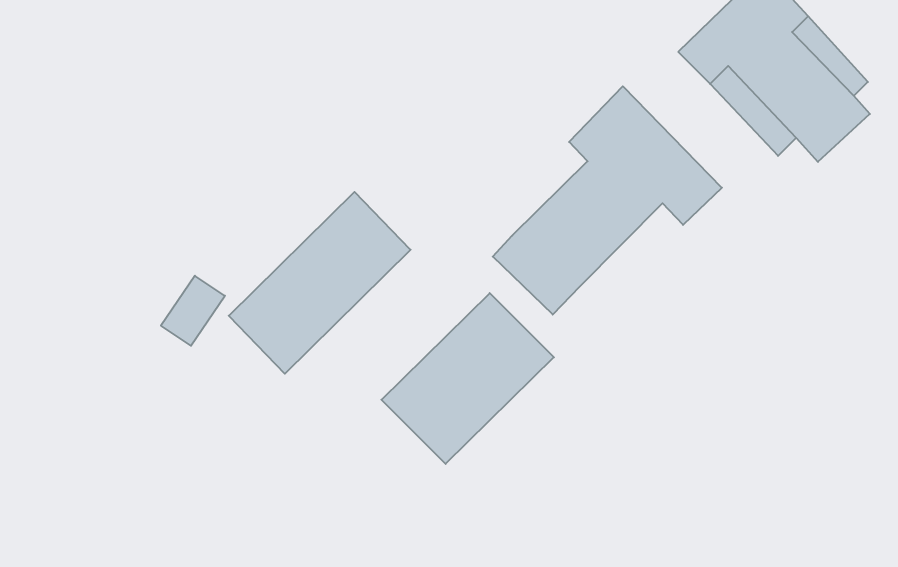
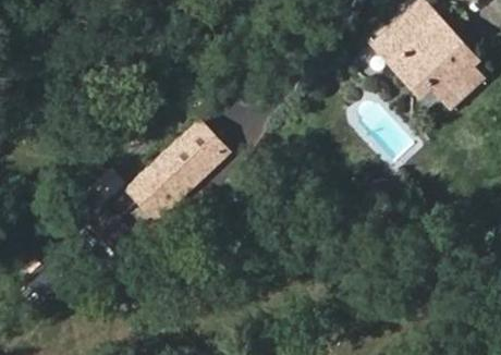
building: [493,86,722,315] -> none
building: [381,293,554,464] -> none

